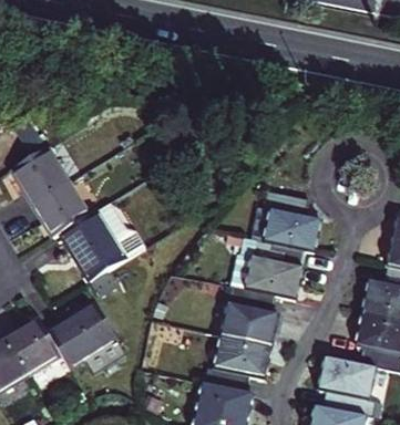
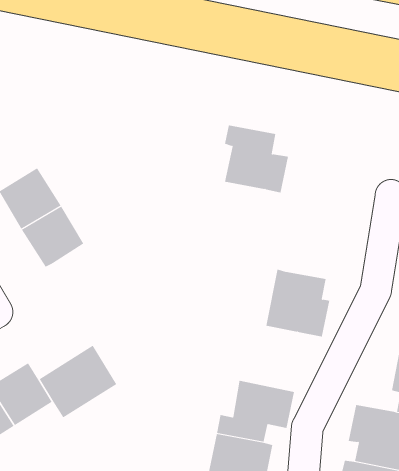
building: [264,190,320,250] -> [224,125,289,193]
building: [60,199,143,280] -> none
building: [223,286,277,345] -> none

